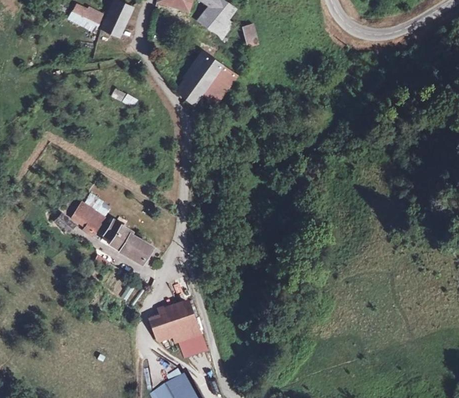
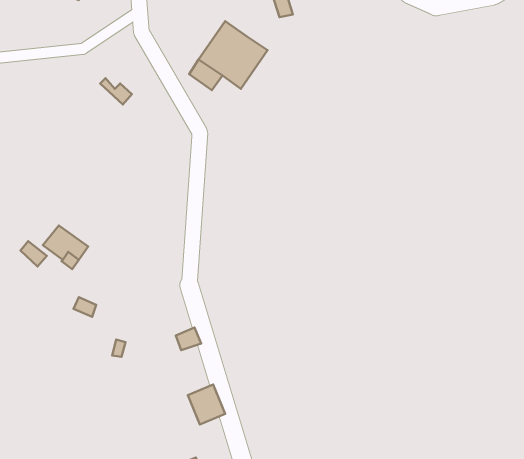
building: [103,220,152,264] -> none
building: [159,302,198,336] -> none

